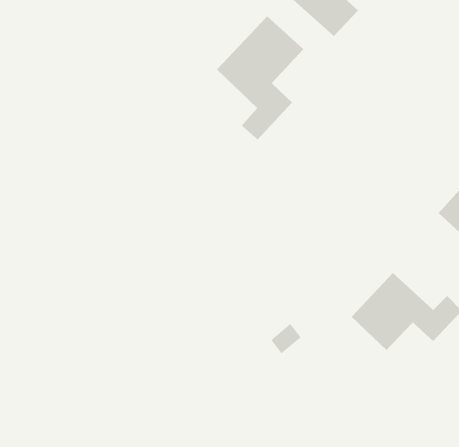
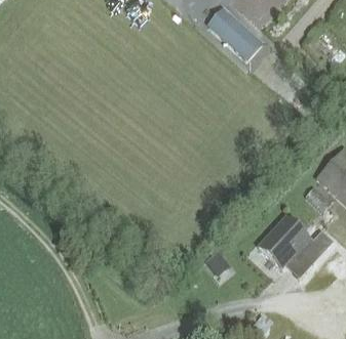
building: [216,15,304,140] -> none

